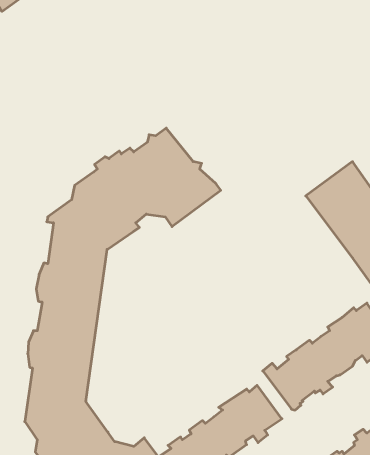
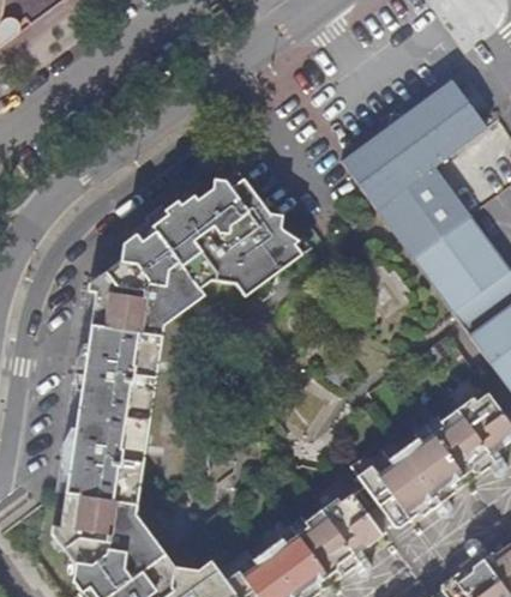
building: none -> [342,80,486,258]

